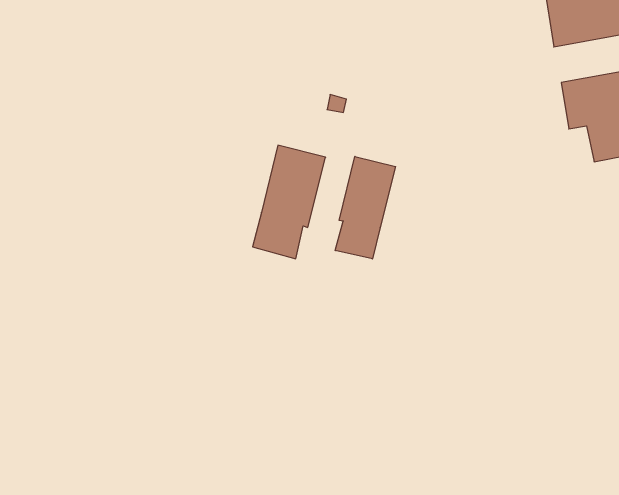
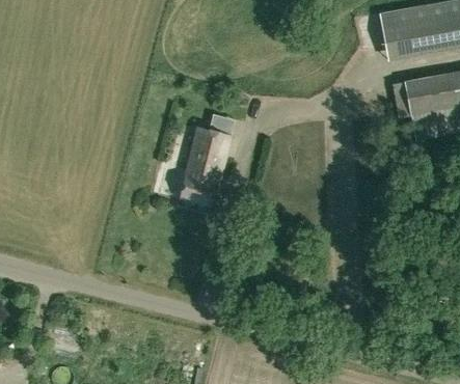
building: [335,156,396,259] -> none

